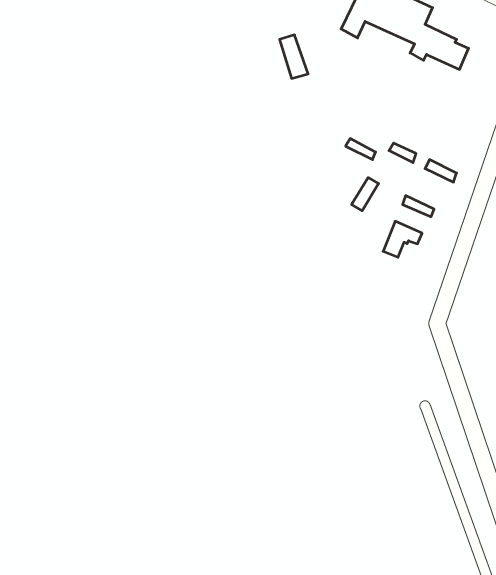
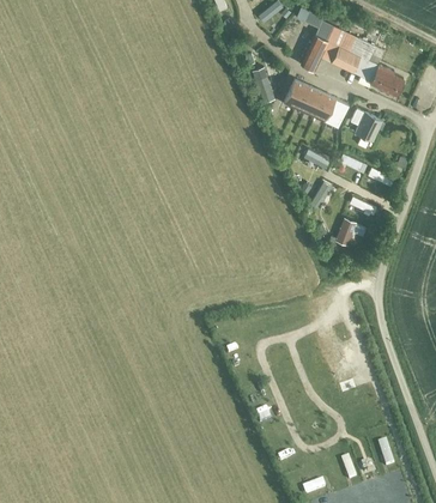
building: none -> [284,79,349,128]
building: none -> [350,109,383,141]

